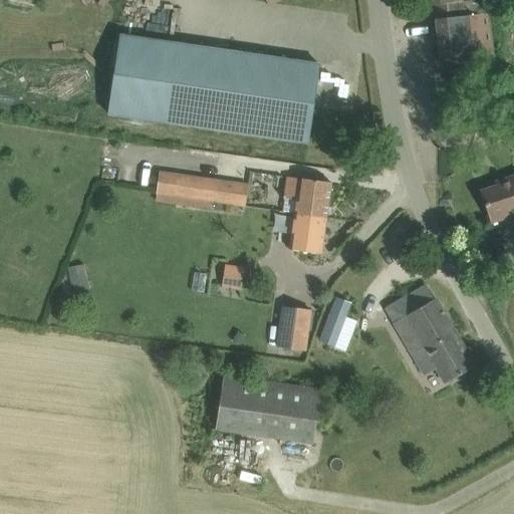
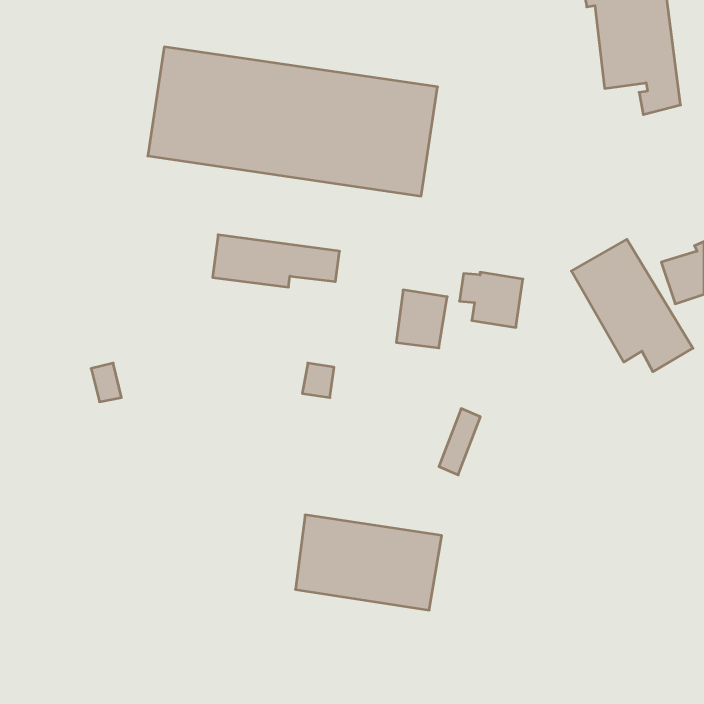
building: [284,176,330,216] -> [459,272,523,327]
building: [384,285,473,381] -> [571,239,693,372]
building: [277,306,314,351] -> none

